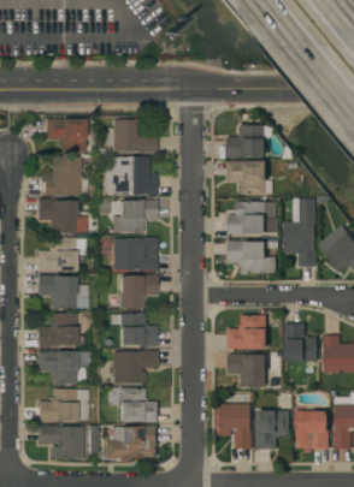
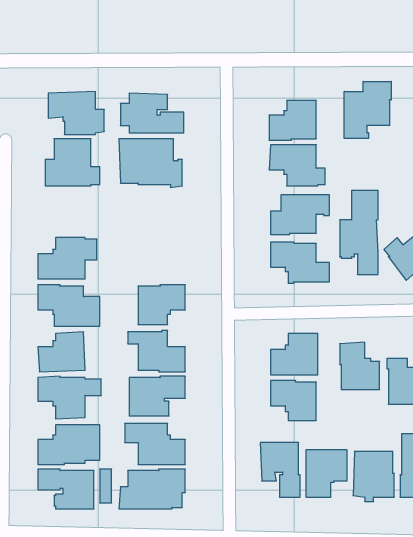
building: none -> [344,81,391,138]
building: [37,200,87,232] -> none
building: [112,200,157,232] -> none
building: [112,237,158,271] -> none

